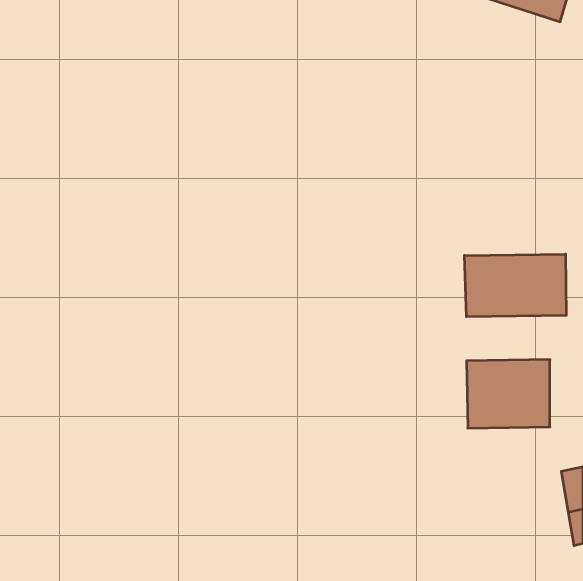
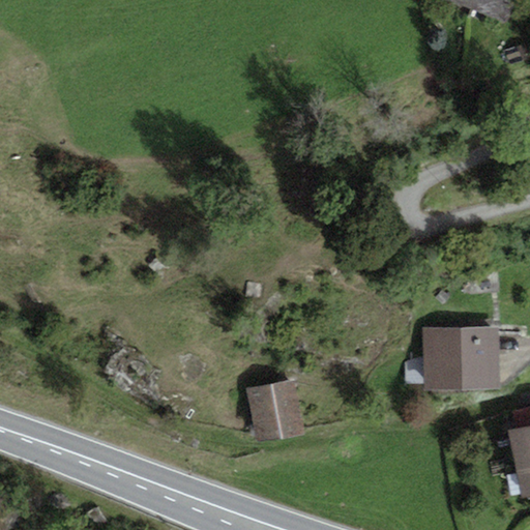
building: [464,254,566,317] -> none
building: none -> [246,378,303,442]

